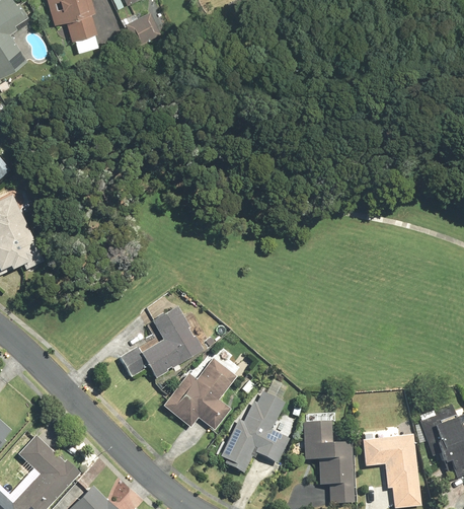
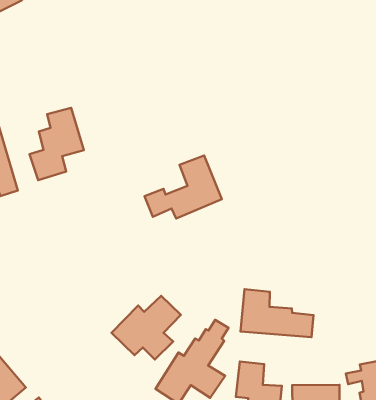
building: none -> [30,108,84,180]
building: [120,306,203,378] -> [145,155,222,219]
building: none -> [240,289,313,337]

